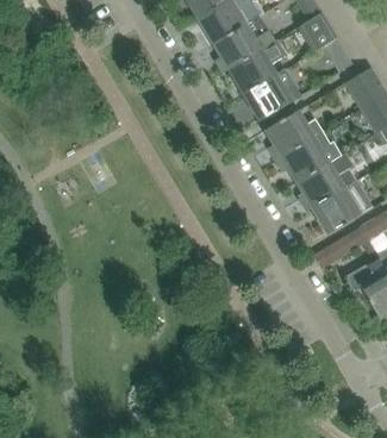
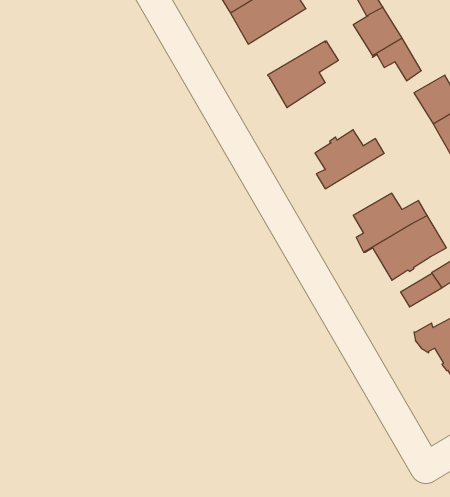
building: [212,13,274,73] -> none
building: [243,67,300,119] -> none
building: [274,130,330,180] -> none

